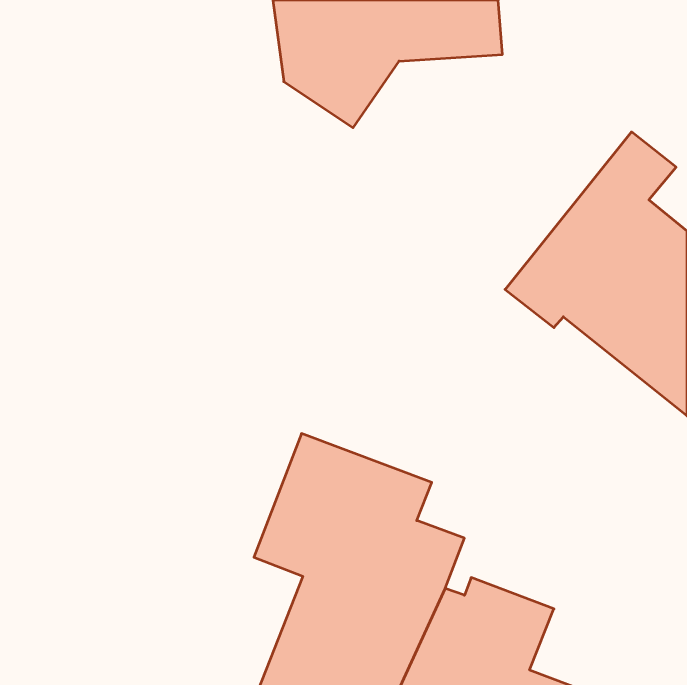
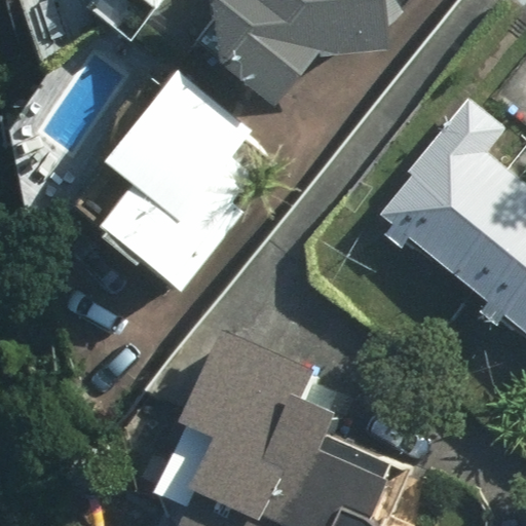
building: none -> [70,75,269,278]

